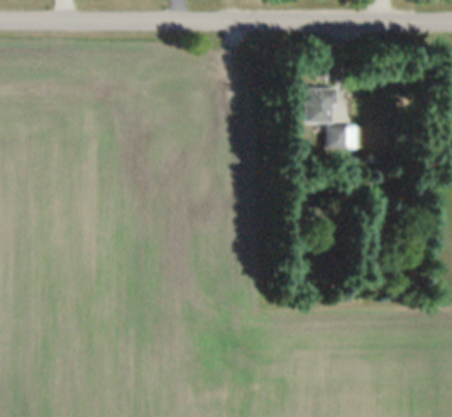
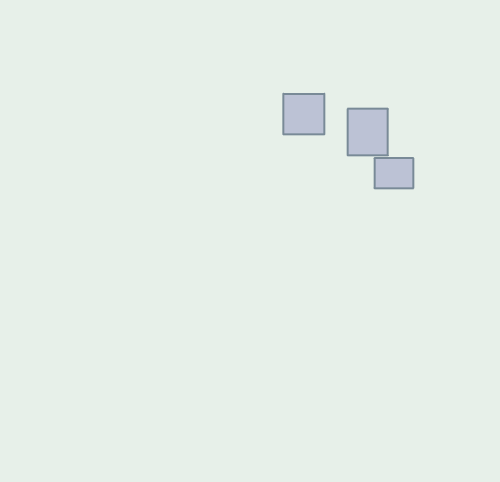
building: none -> [283,94,324,134]

